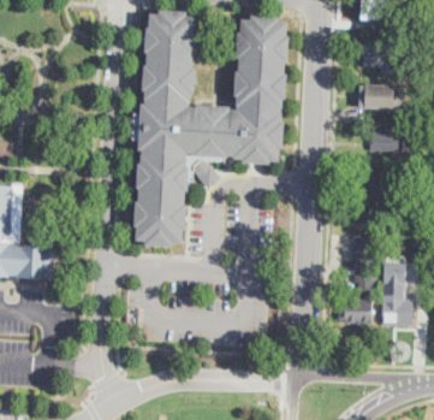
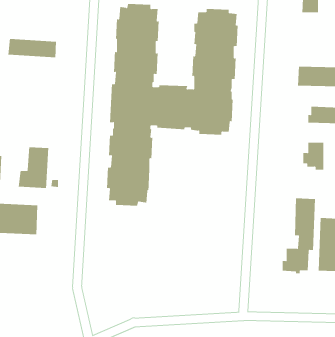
building: [362,43,394,76] -> none
building: none -> [8,38,56,58]
building: none -> [18,146,49,189]

